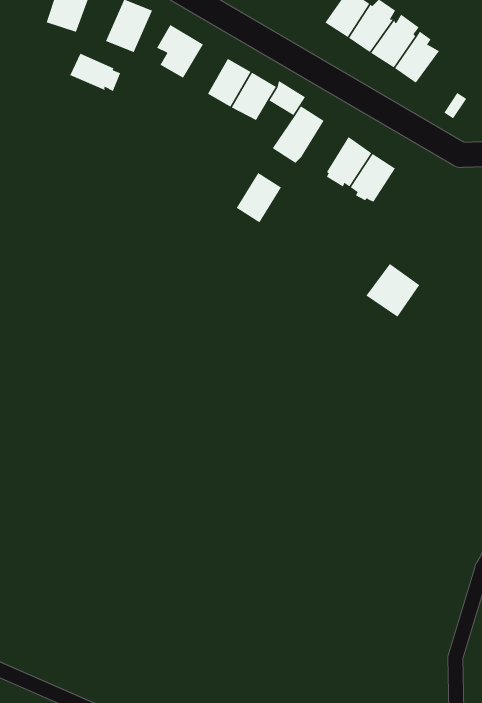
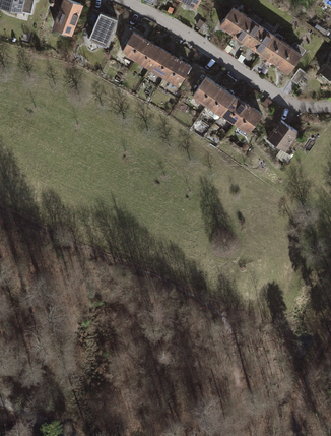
building: none -> [135,40,161,71]
building: none -> [274,42,305,73]
building: [69,53,121,92] -> none
building: [236,172,282,223] -> [206,85,234,116]
building: [366,263,420,318] -> [266,119,299,151]

